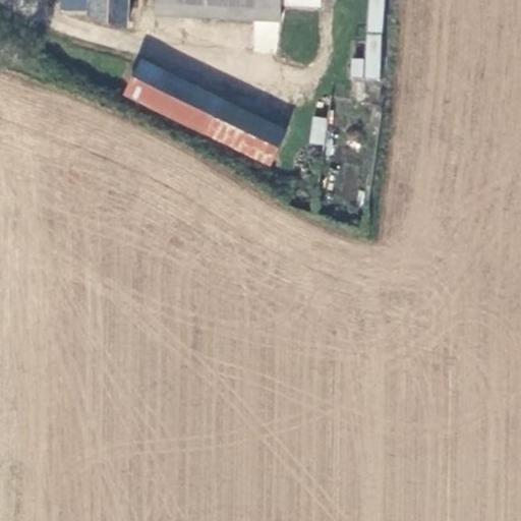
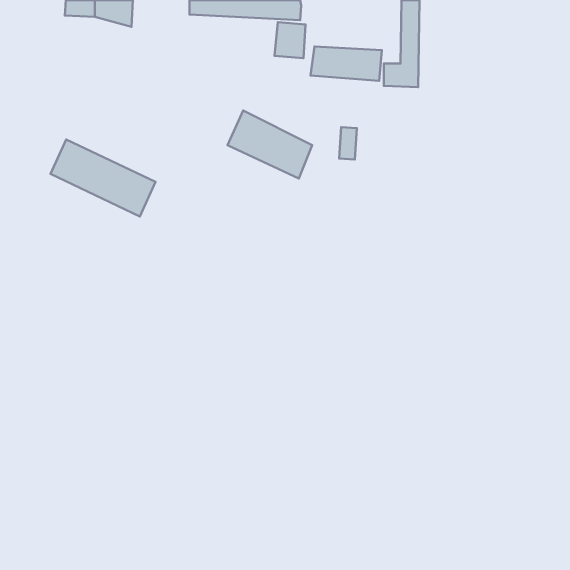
building: none -> [311,47,382,81]
building: [126,62,222,132] -> [51,139,156,216]

